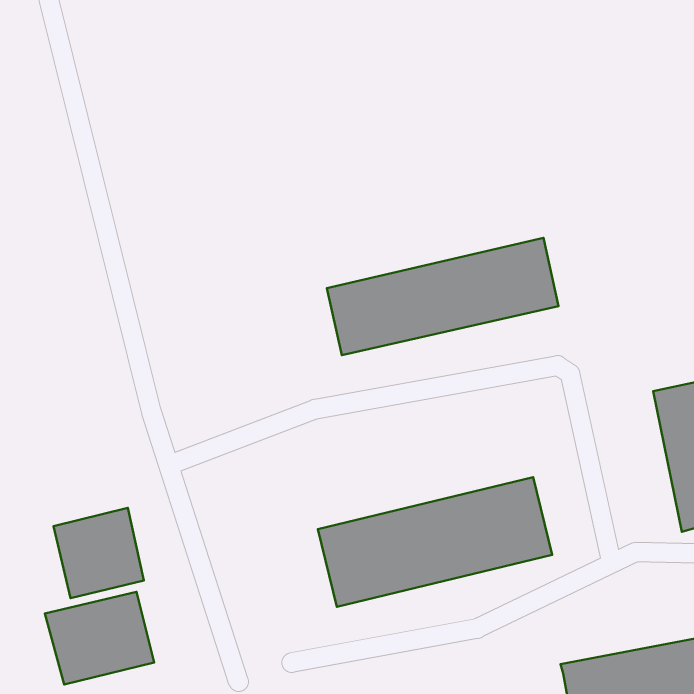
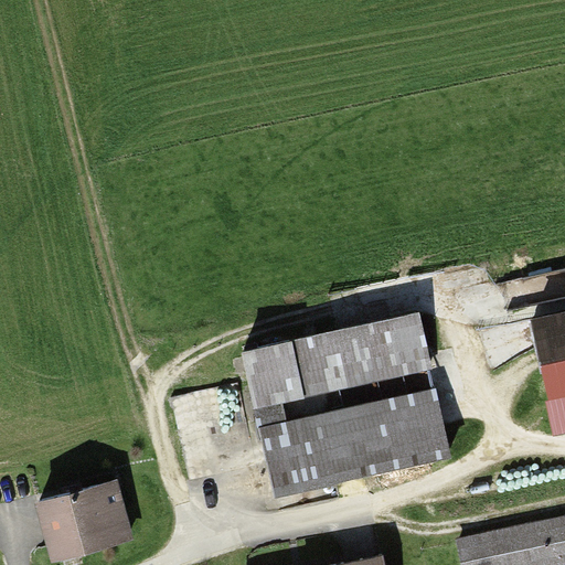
building: [327,238,559,355] -> [242,312,429,407]
building: [54,508,144,598] -> none

